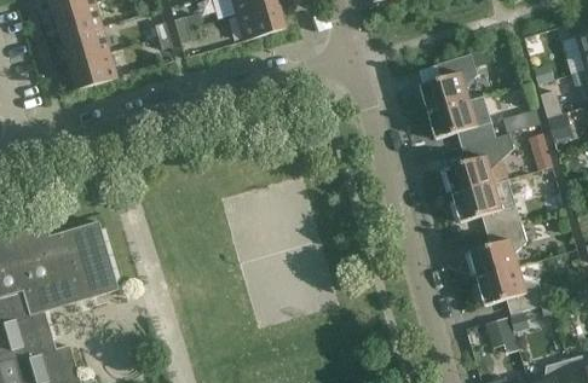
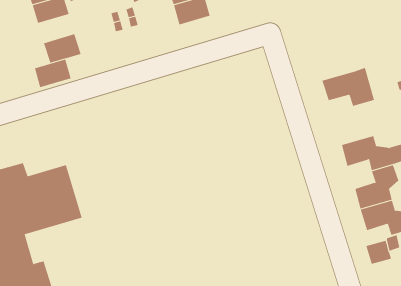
building: [59,25,108,63] -> [34,59,71,88]
building: [420,52,478,111] -> none
building: [444,132,514,195] -> none

